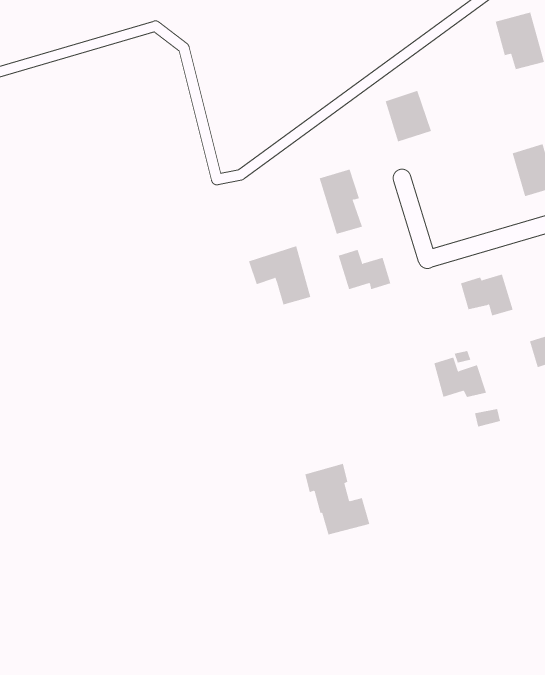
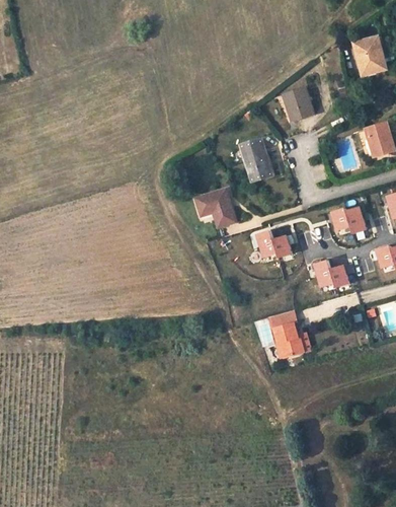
building: [338,249,391,290] -> [256,231,291,258]
building: [304,463,370,535] -> [267,310,310,357]

